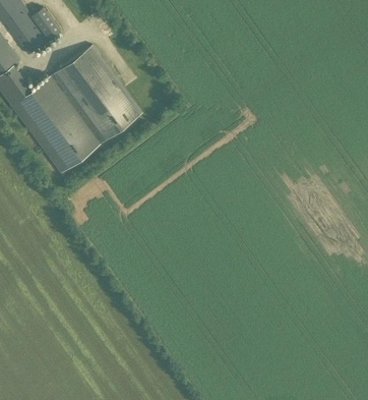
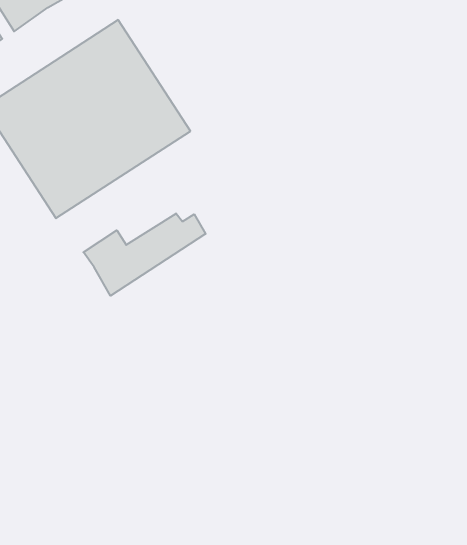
building: none -> [83,213,206,296]

